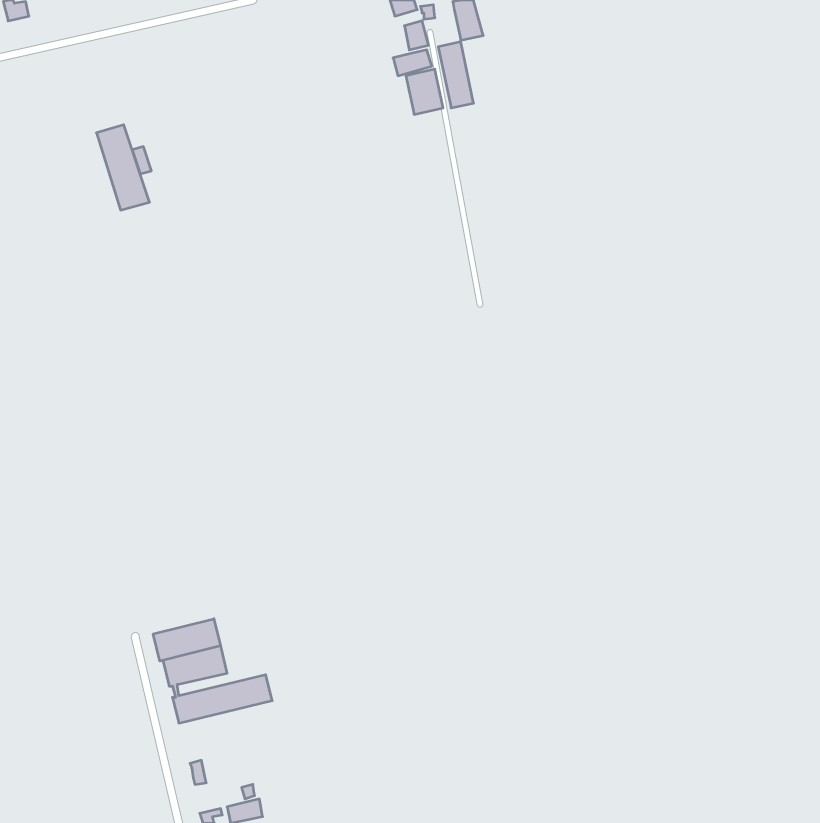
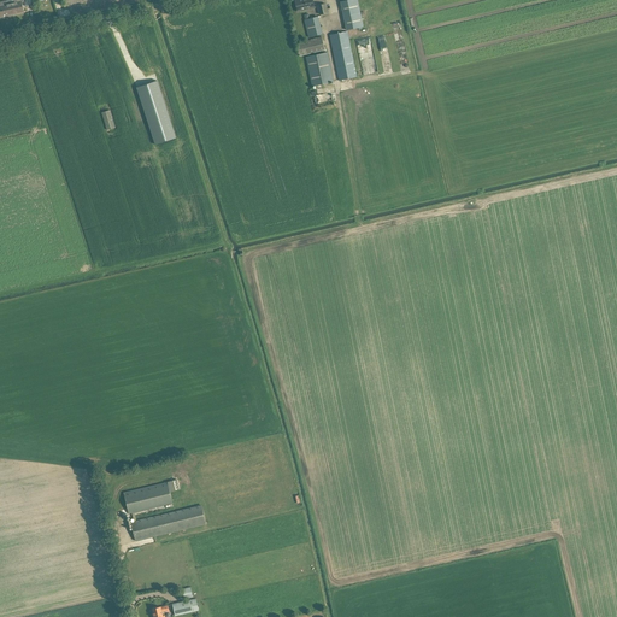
building: [96,125,150,210] -> [140,74,180,137]
building: [153,619,221,661] -> none

